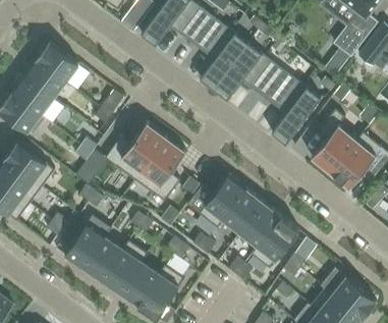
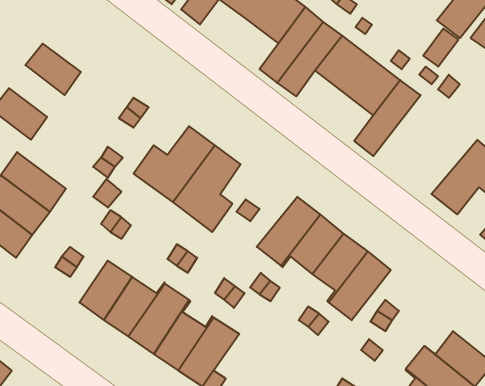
building: [37,43,78,82] -> none
building: [11,76,53,115] -> none
building: [311,109,364,173] -> none

